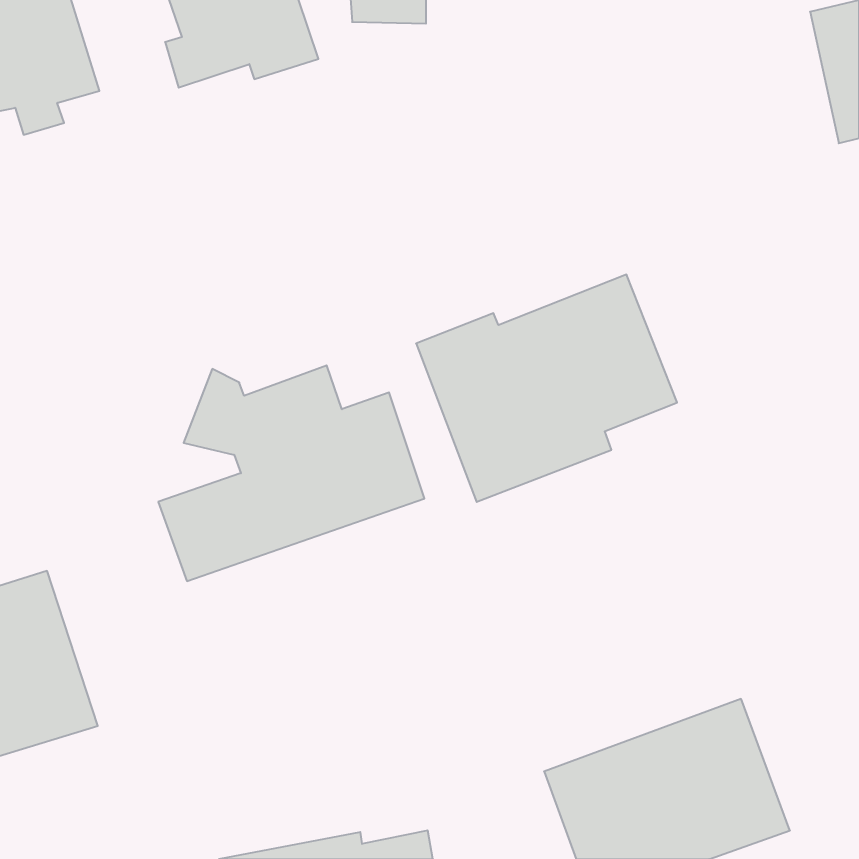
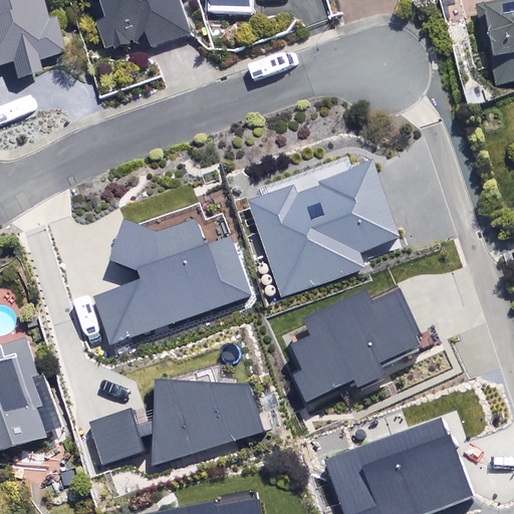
building: none -> [293,287,421,401]
building: none -> [88,378,262,464]

